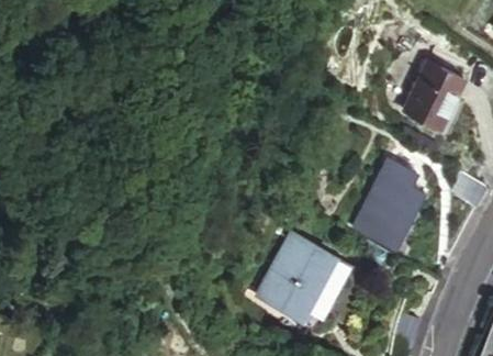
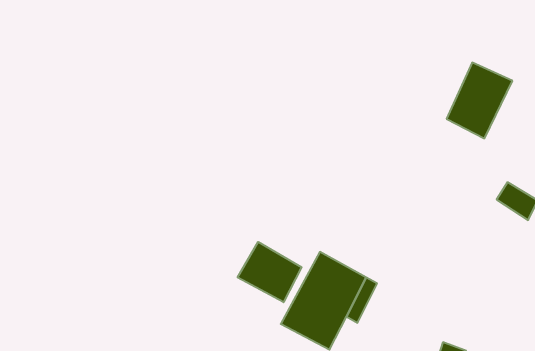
building: [352,159,422,249] -> none
building: none -> [238,242,302,302]

